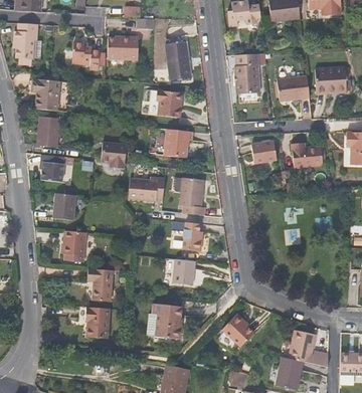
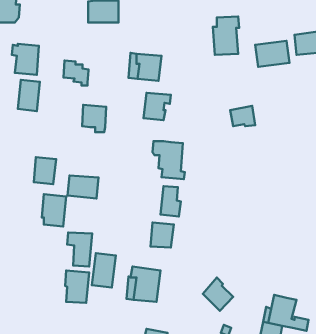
building: [165,41,190,79] -> none
building: [73,43,99,68] -> [63,60,89,86]
building: [292,143,321,168] -> none
building: [40,154,62,181] -> none
building: [128,179,159,202] -> [67,175,99,199]
building: none -> [92,253,116,288]

